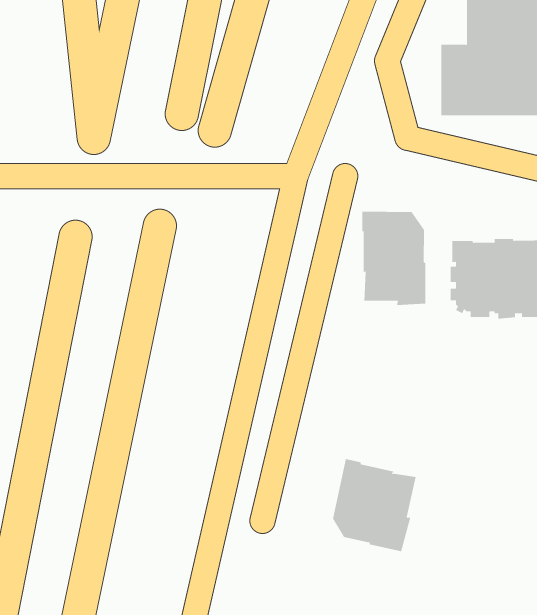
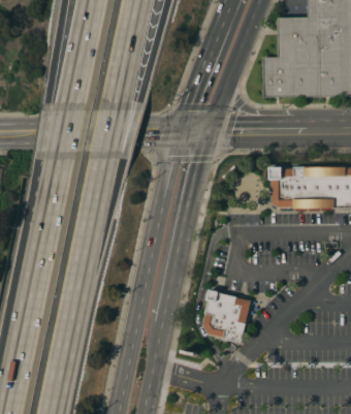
building: [362,211,426,306] -> none

